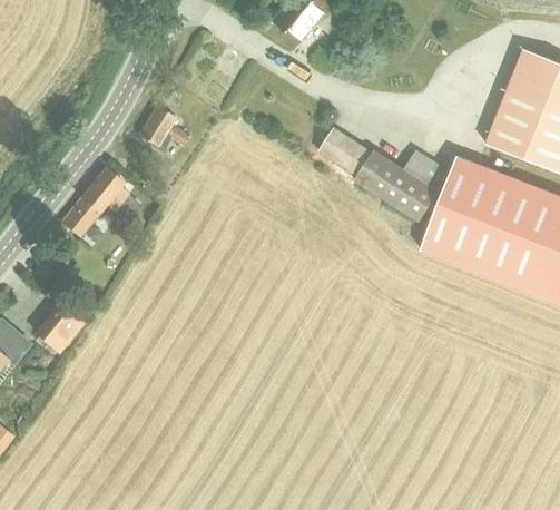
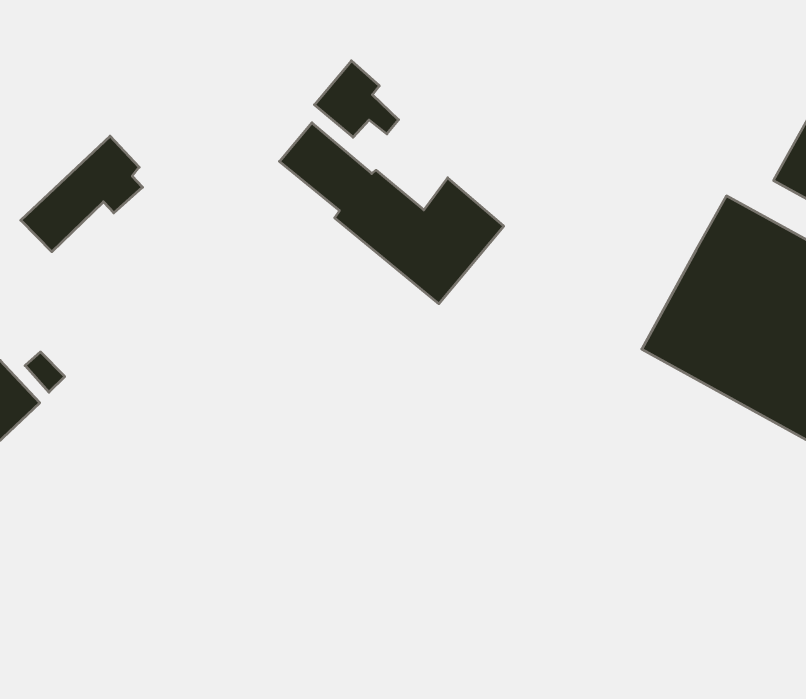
building: [138,106,187,149] -> [314,61,399,137]
building: [317,128,450,222] -> [279,123,504,304]

